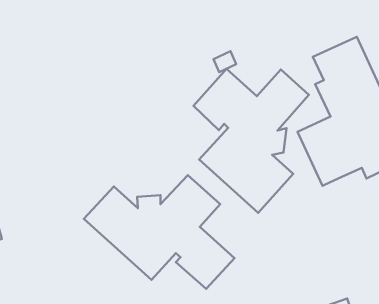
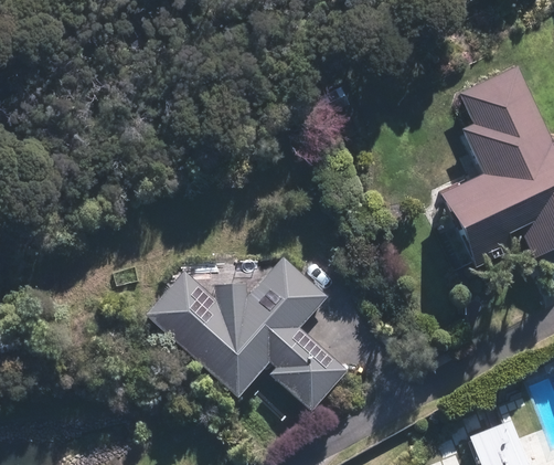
building: [193,69,309,213] -> none

